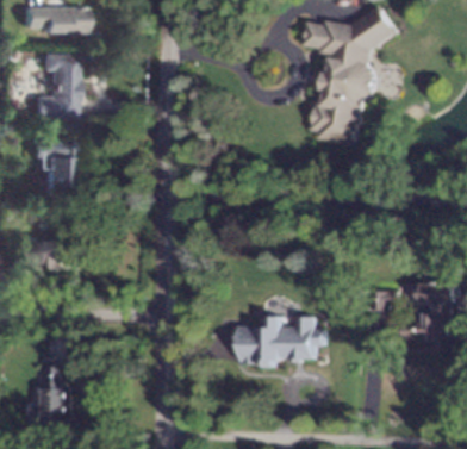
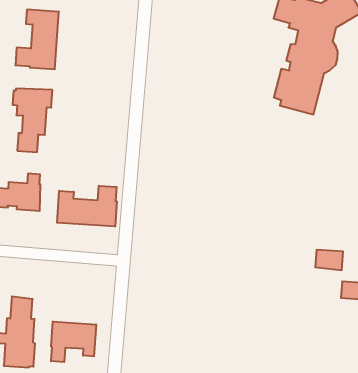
building: none -> [57,186,117,227]
building: [237,314,324,367] -> none
building: none -> [51,321,96,362]

